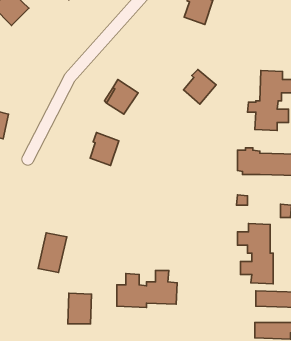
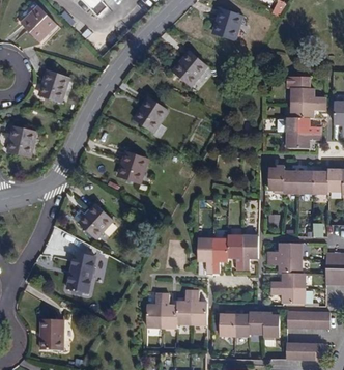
building: none -> [40,69,69,102]
building: [184,69,216,104] -> [174,51,207,86]
building: none -> [75,203,113,238]
building: none -> [198,235,258,273]
building: none -> [220,311,279,339]
building: [68,293,91,324] -> [39,318,63,349]

